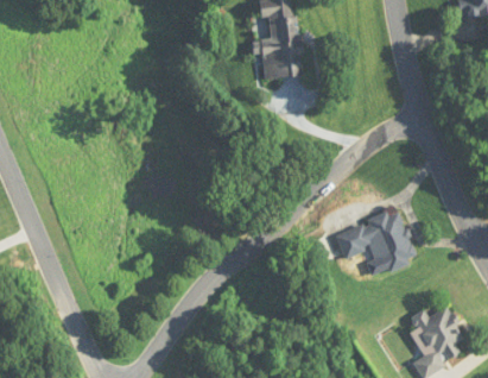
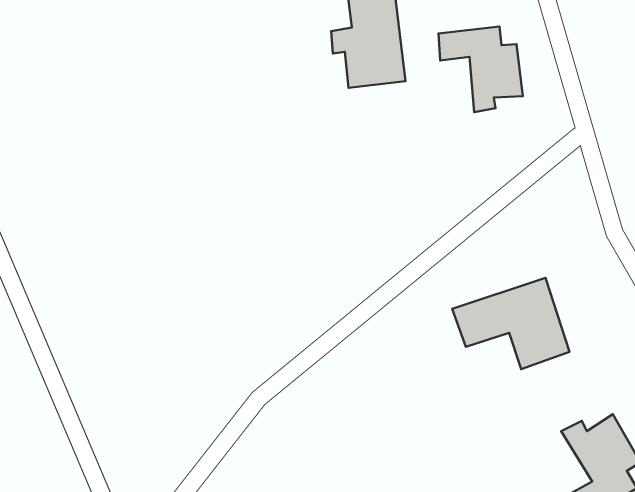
building: none -> [438,26,523,112]

